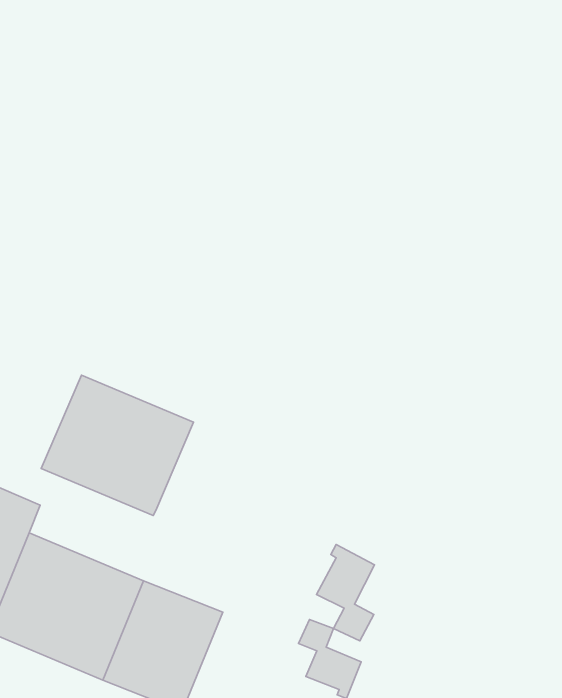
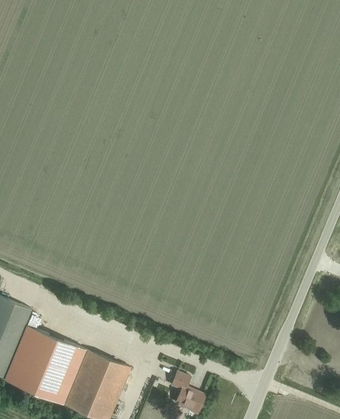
building: [41,375,194,516] -> none
building: [317,544,374,641] -> none

